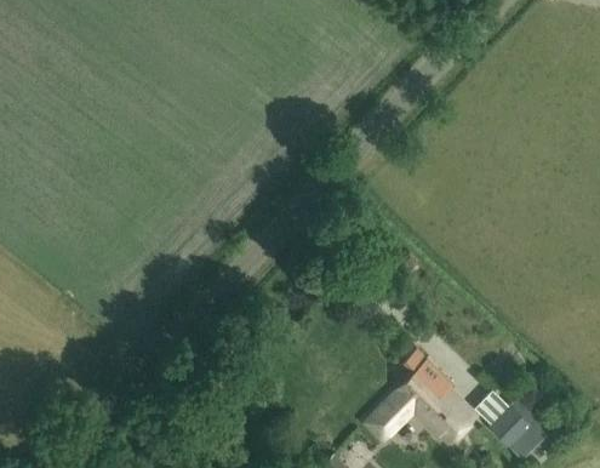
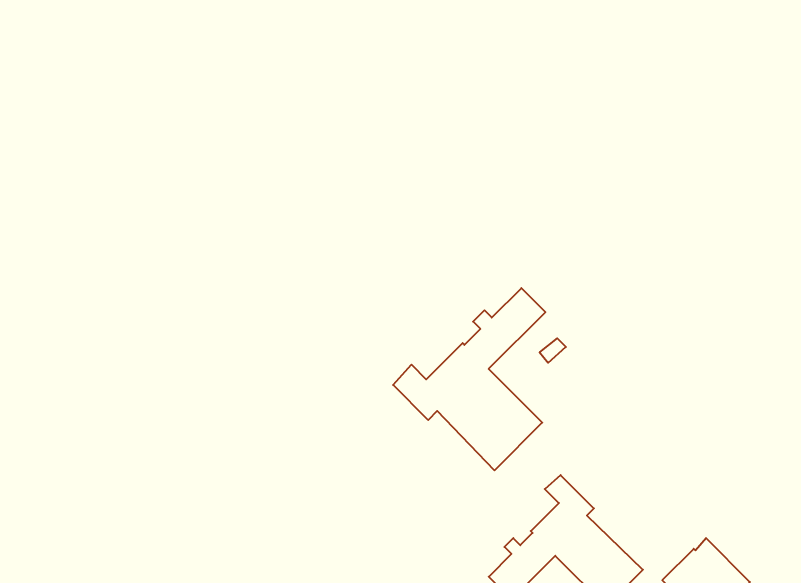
building: none -> [393,288,545,470]

